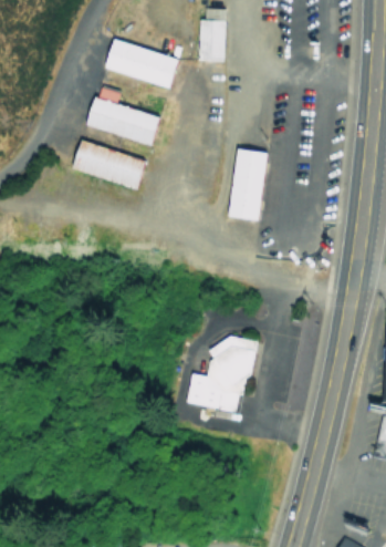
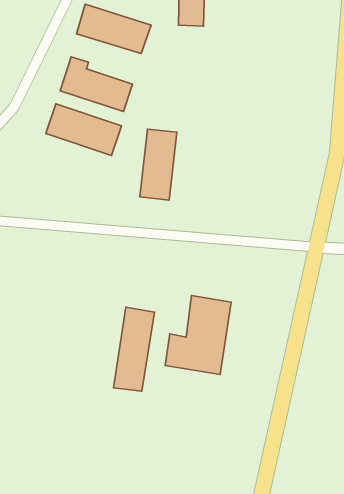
building: [230,148,268,220] -> [140,129,177,200]
building: none -> [114,307,155,391]

